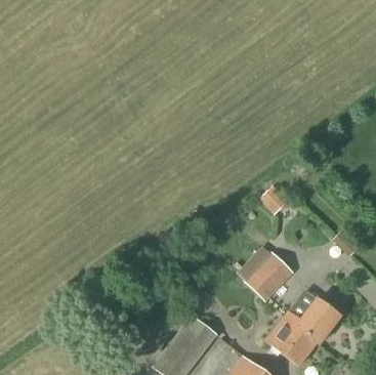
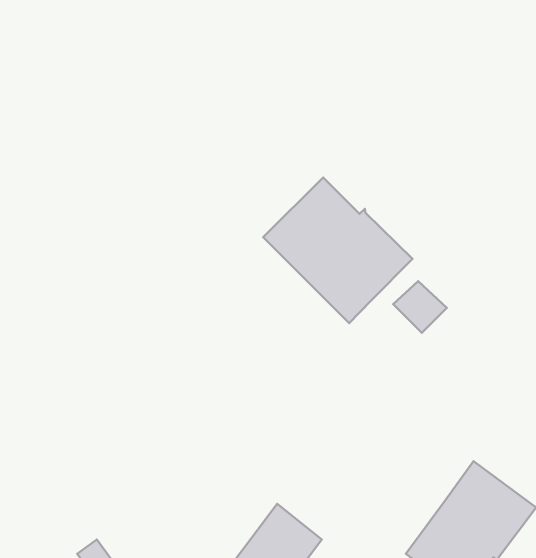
building: none -> [263,178,413,323]
building: [239,246,294,302] -> none

